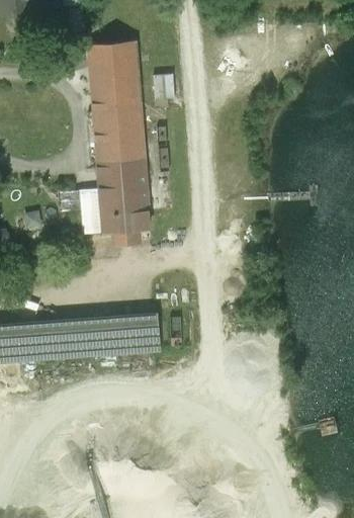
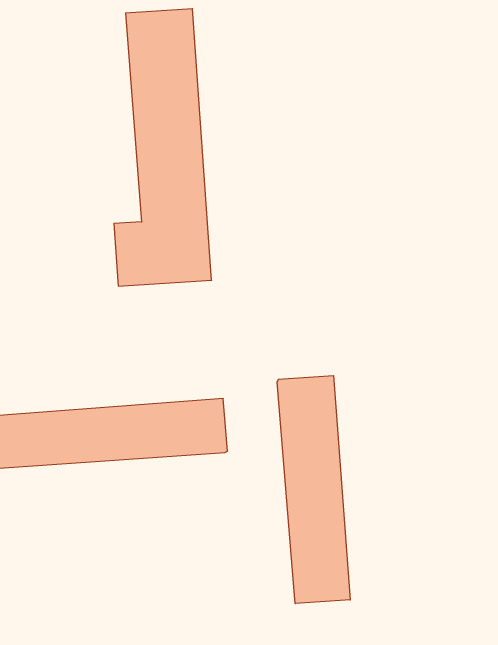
building: none -> [277,376,350,604]

